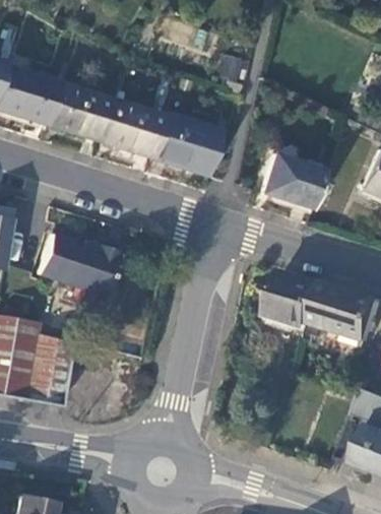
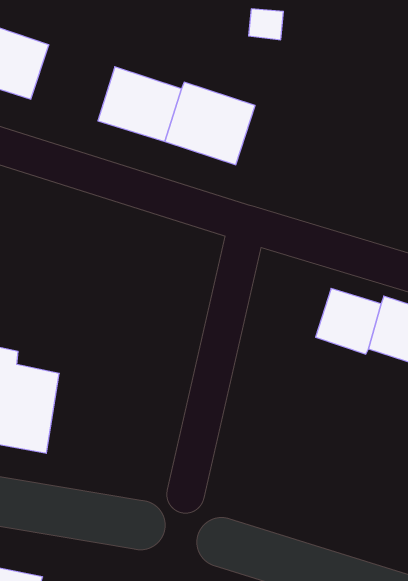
building: [48,83,114,143] -> none
building: [262,154,326,209] -> none
building: [37,232,118,292] -> none

